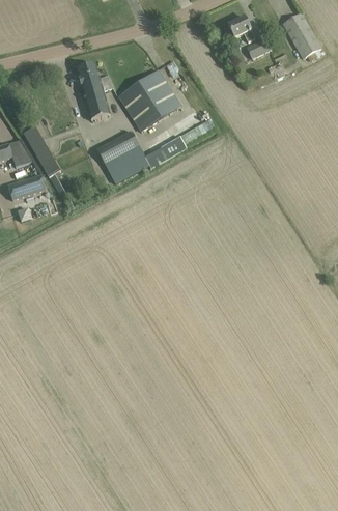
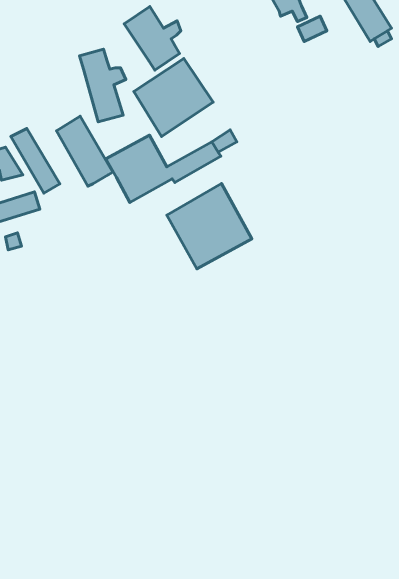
building: none -> [124,6,181,70]
building: none -> [57,116,113,186]
building: none -> [167,183,252,269]

